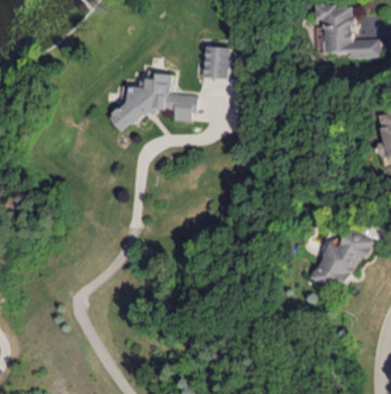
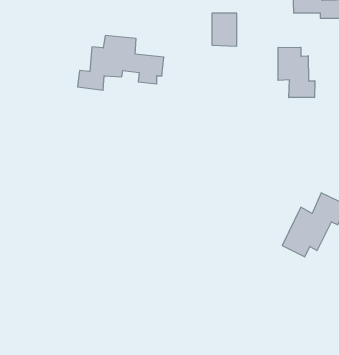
building: [204,46,228,78] -> [212,13,237,46]
building: none -> [278,47,315,98]

